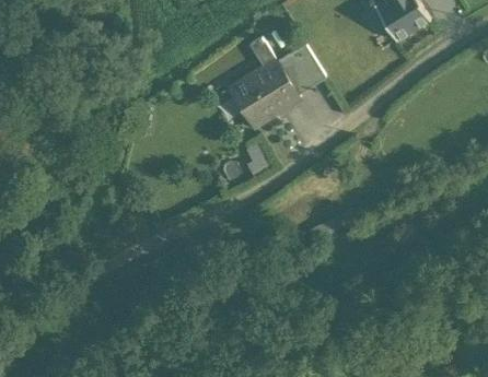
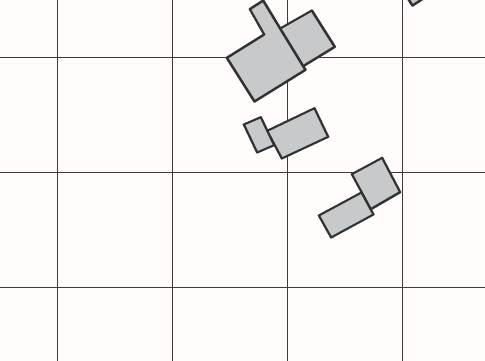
building: none -> [267,108,328,158]
building: none -> [352,158,400,209]

